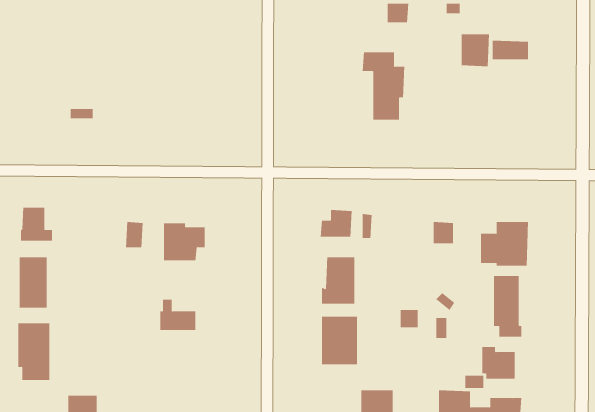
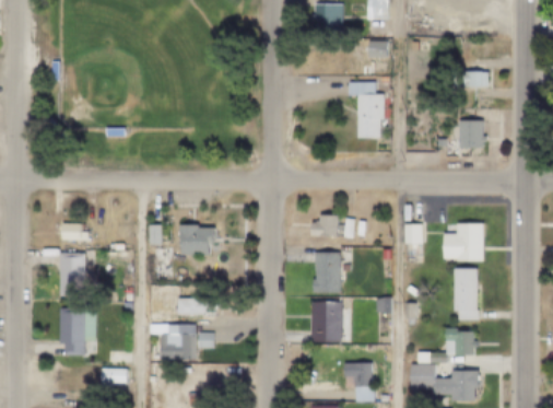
building: [461,34,490,67] -> [458,121,482,149]
building: none -> [151,324,197,362]

